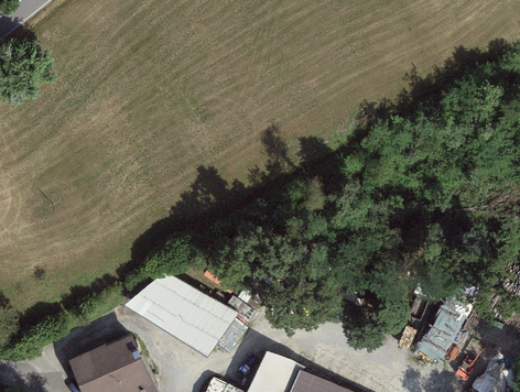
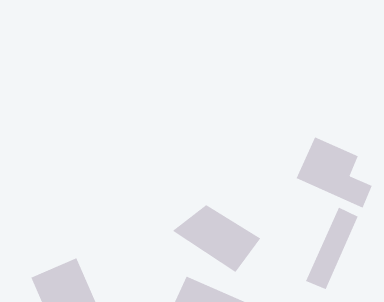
building: none -> [296,136,373,209]
building: [122,271,235,357] -> [172,204,261,273]

